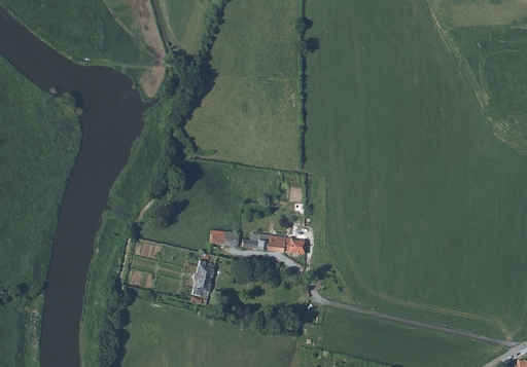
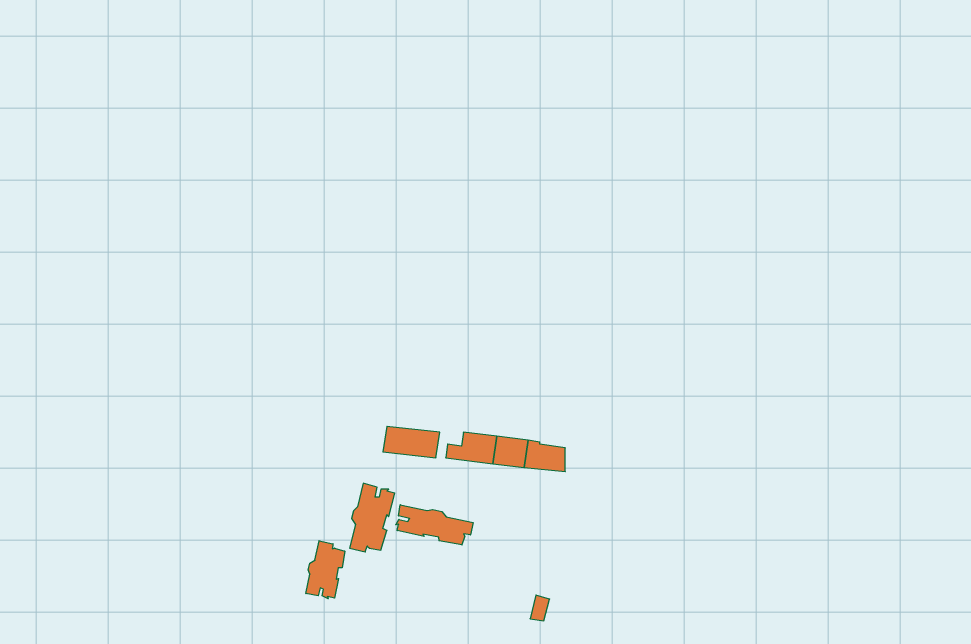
building: none -> [396,505,473,545]
building: none -> [306,541,345,599]

